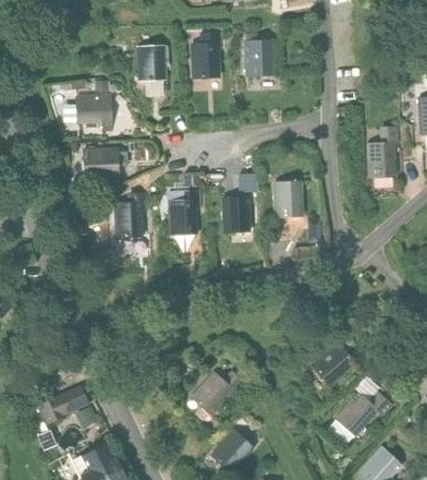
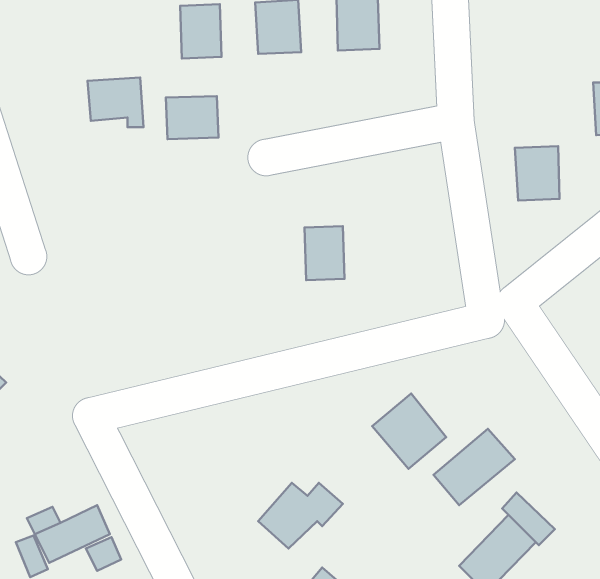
building: [82,145,118,175] -> [166,96,218,139]
building: [271,181,303,216] -> none
building: [166,187,198,233] -> none
building: [112,190,145,236] -> none
building: none -> [372,394,446,469]

